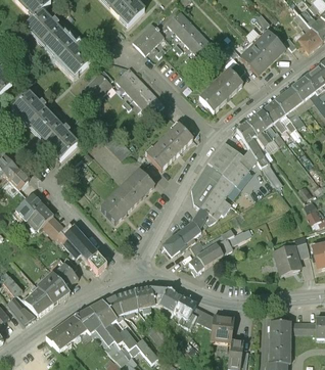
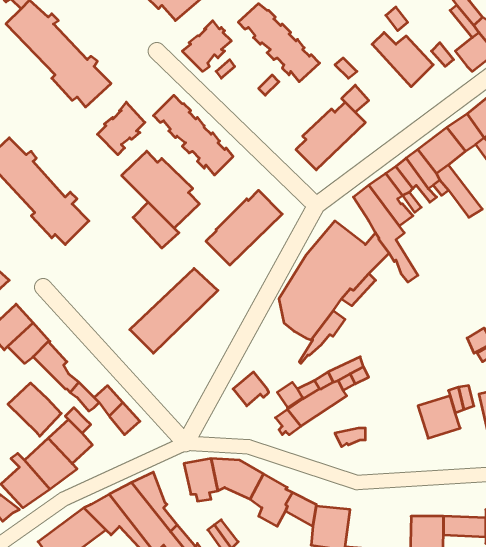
building: [239,37,270,75] -> none
building: none -> [122,151,199,228]
building: [175,210,206,244] -> none
building: none -> [8,383,61,436]
building: [114,289,137,316] -> none

